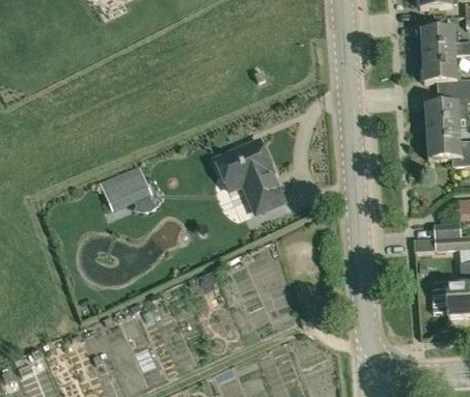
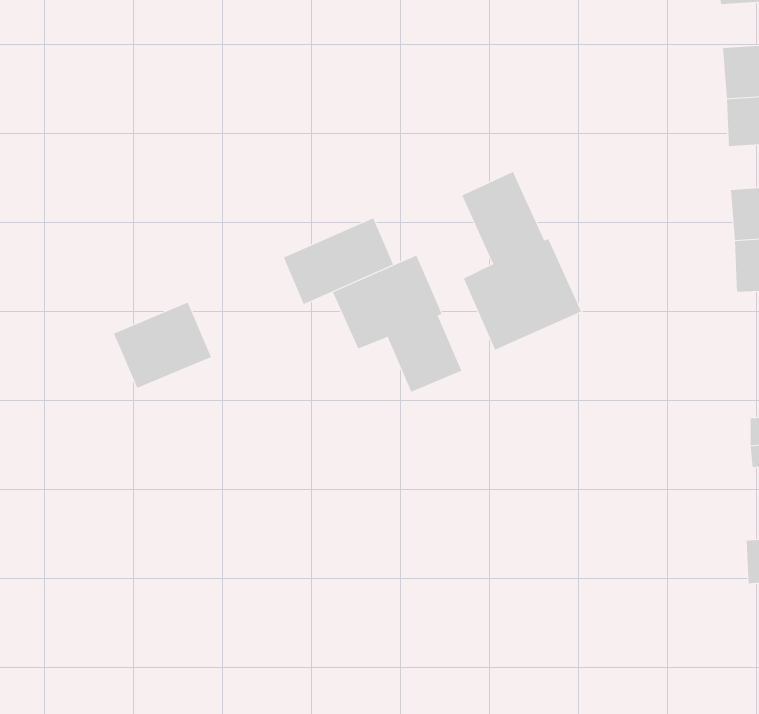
building: none -> [462,171,582,350]
building: none -> [283,217,394,305]

